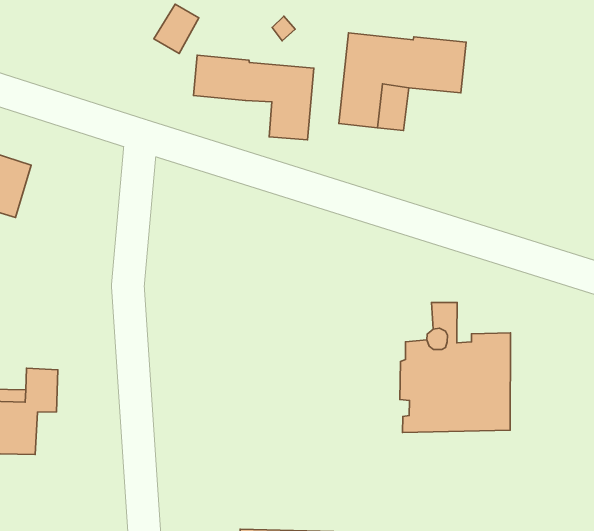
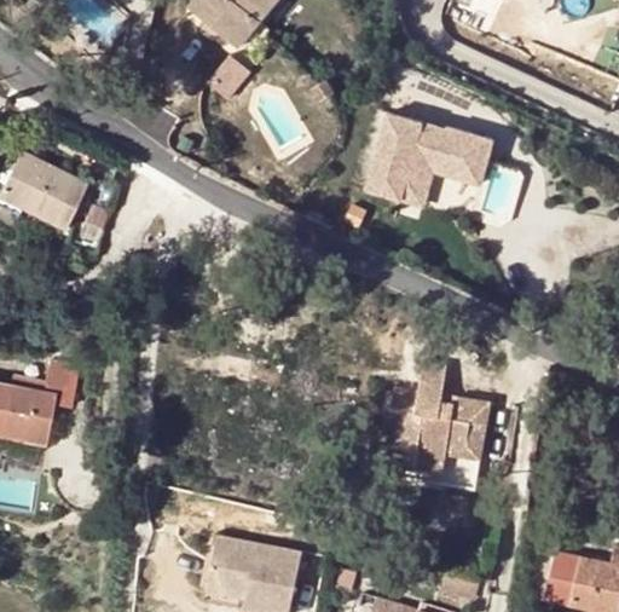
building: [194,55,314,140] -> none

